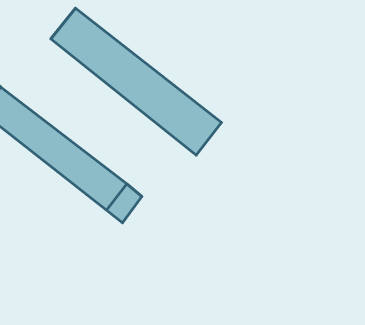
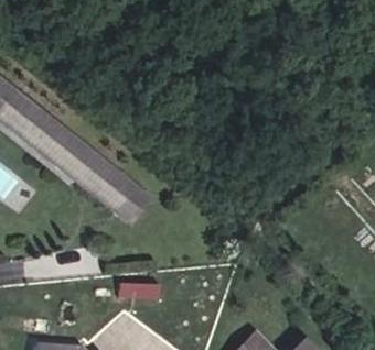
building: [51,8,222,155] -> none

